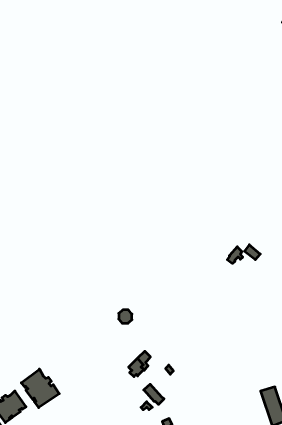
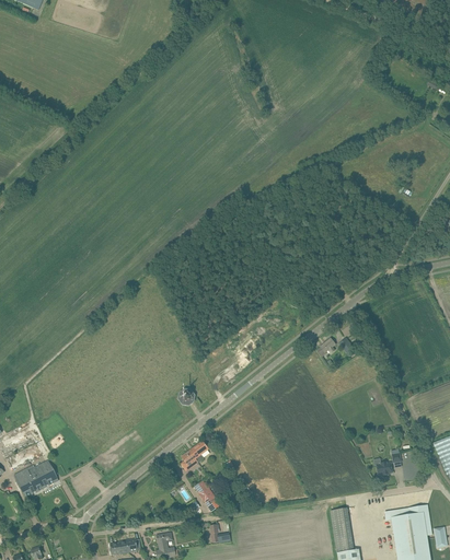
building: [21,369,59,408] -> none

